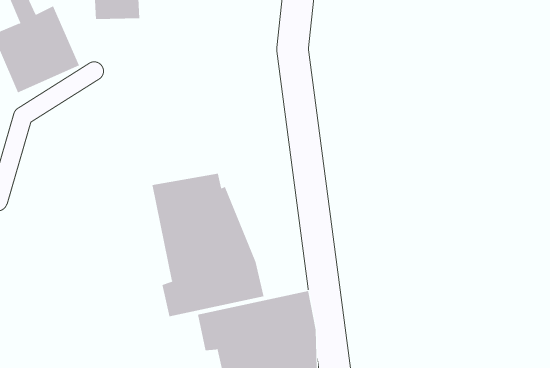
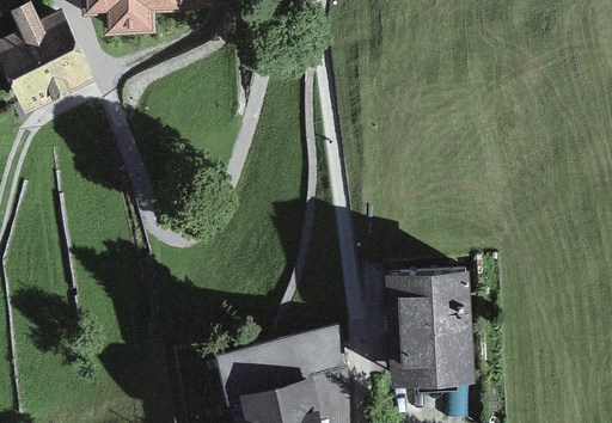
building: [152,173,264,317] -> none
building: none -> [384,275,473,391]

